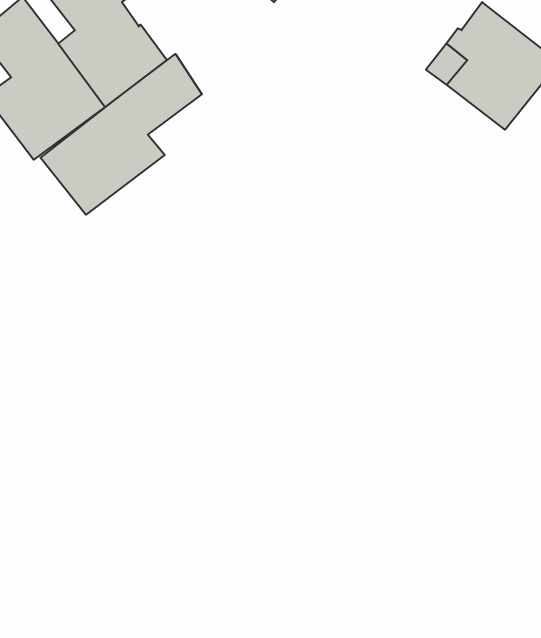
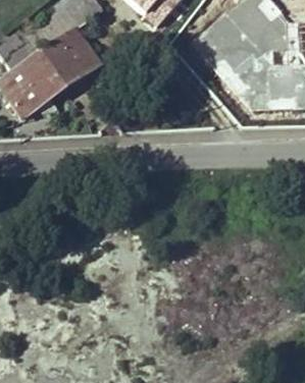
building: [40,54,202,215] -> none

